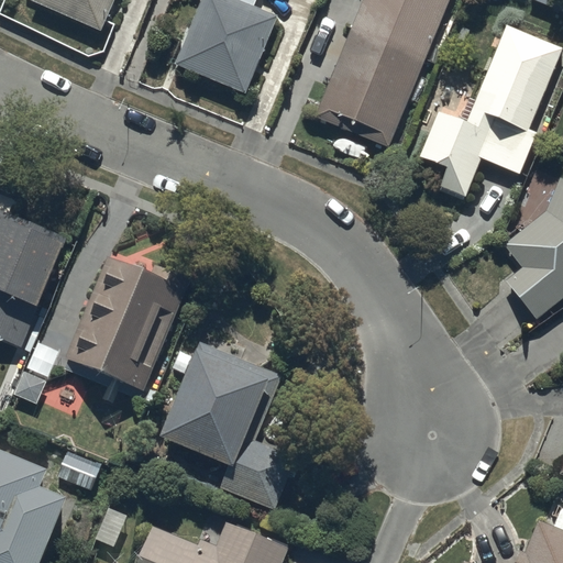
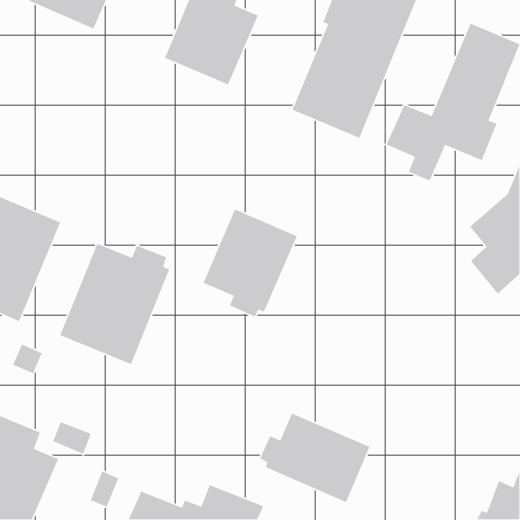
building: none -> [202,209,298,318]
building: [158,342,295,508] -> none
building: none -> [259,412,371,503]

